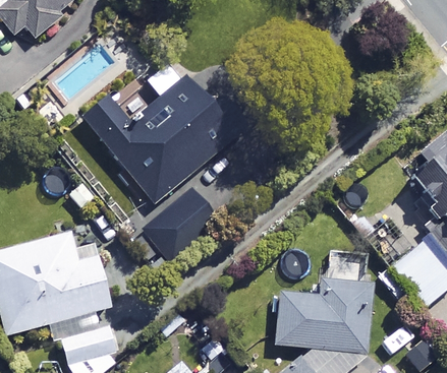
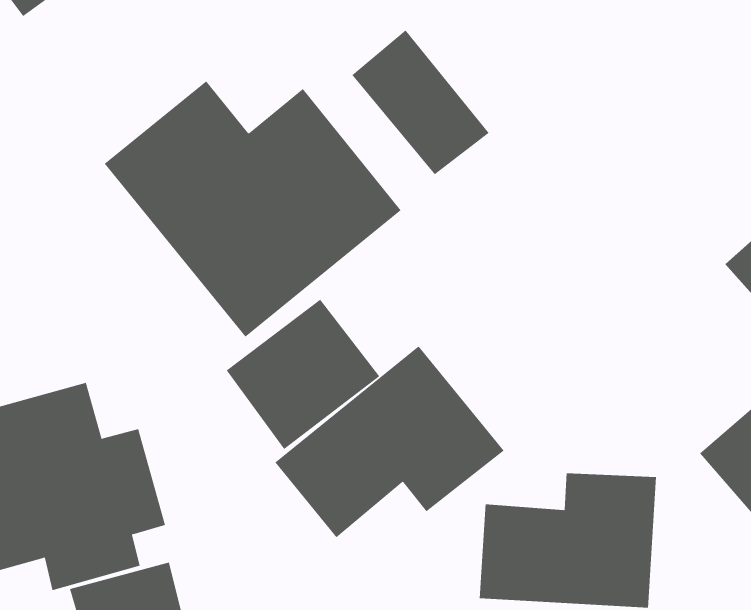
building: none -> [351,29,490,175]
building: none -> [274,345,504,538]

